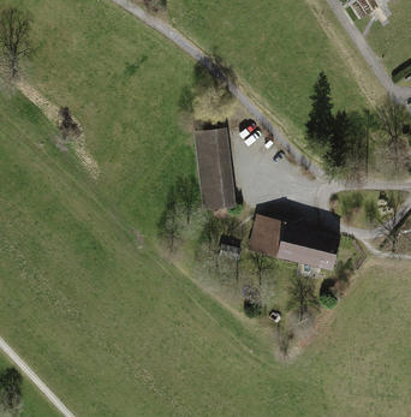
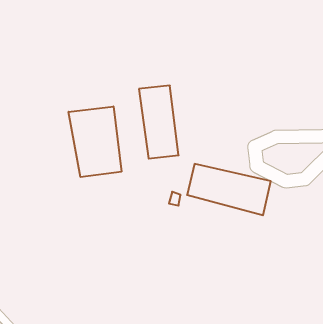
building: none -> [69,106,121,177]

